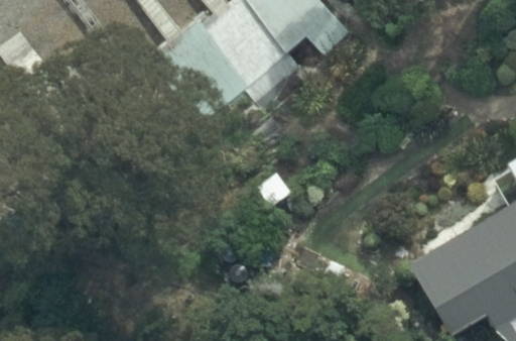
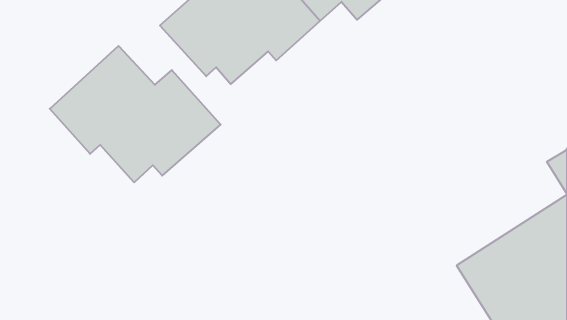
building: none -> [50,46,221,182]

